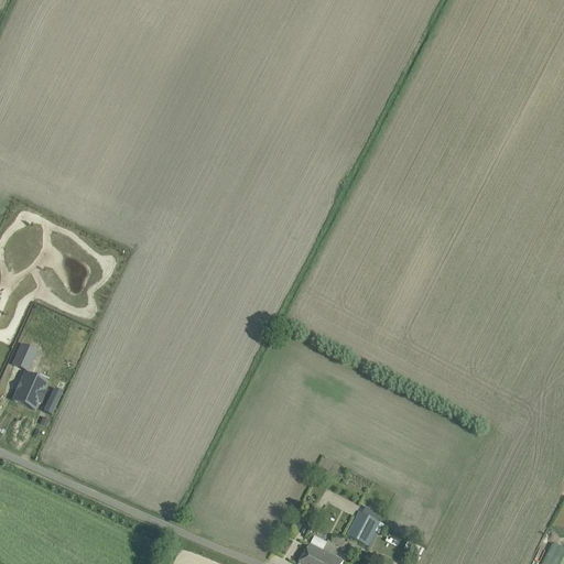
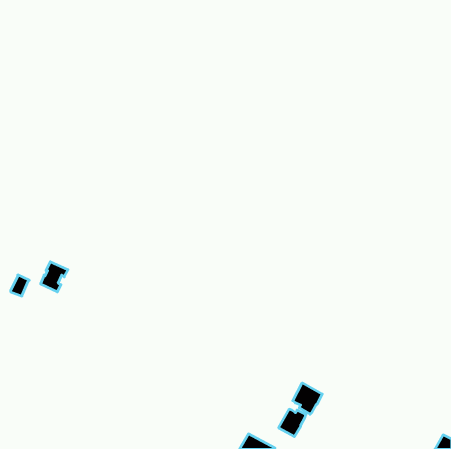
building: [14,371,48,409] -> [41,262,68,292]
building: none -> [293,383,322,414]

